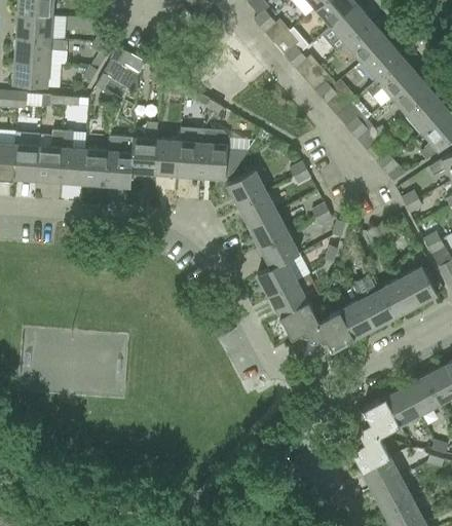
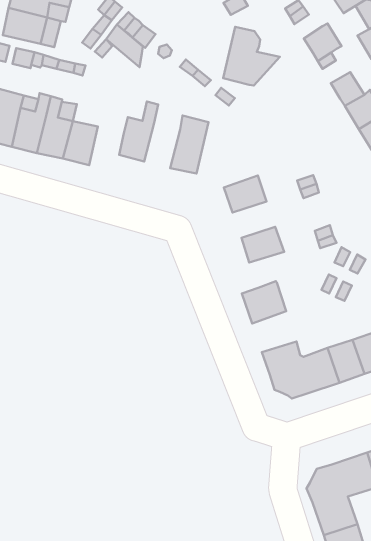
building: [201,132,248,180] -> [223,27,280,86]
building: [107,135,134,188] -> none
building: [154,140,181,177] -> none
building: [238,192,277,227] -> none
building: [260,233,300,268] -> none
building: [271,285,312,324] -> none

